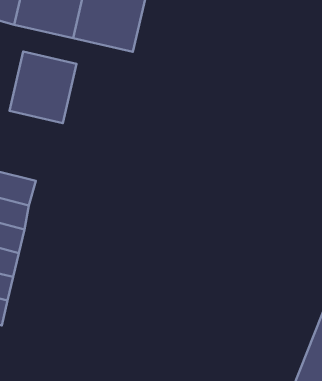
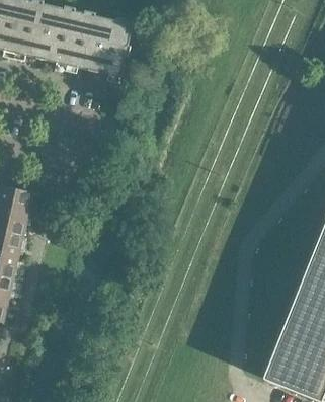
building: [9,51,77,123] -> none

